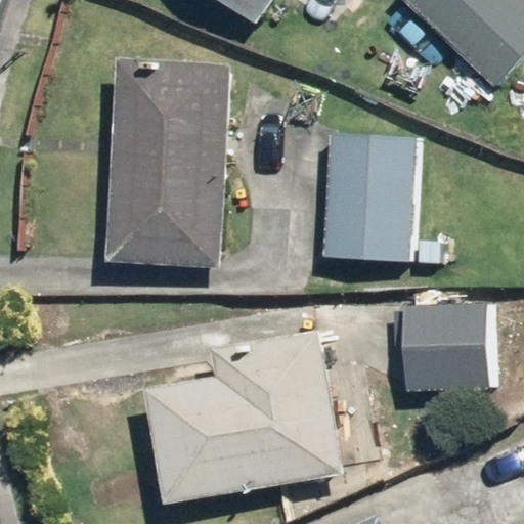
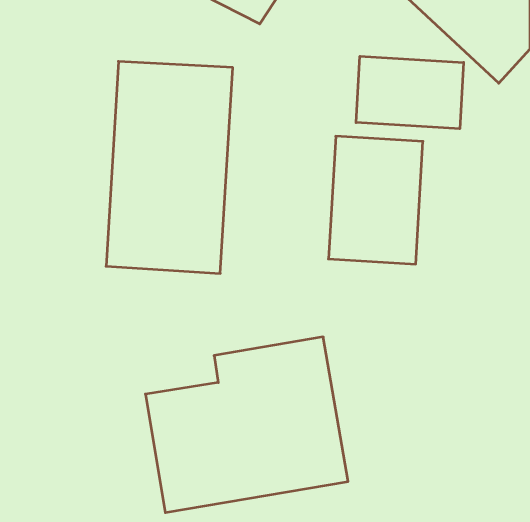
building: none -> [356,56,464,129]
building: [402,300,487,390] -> none

